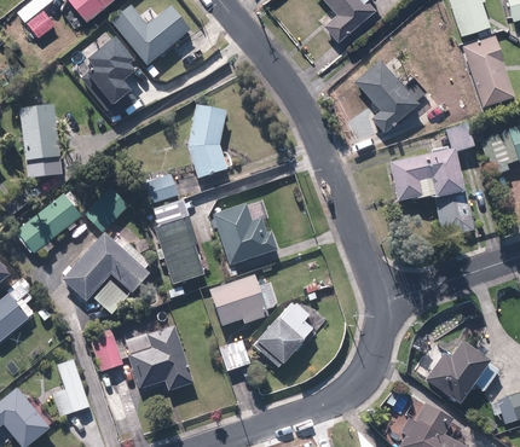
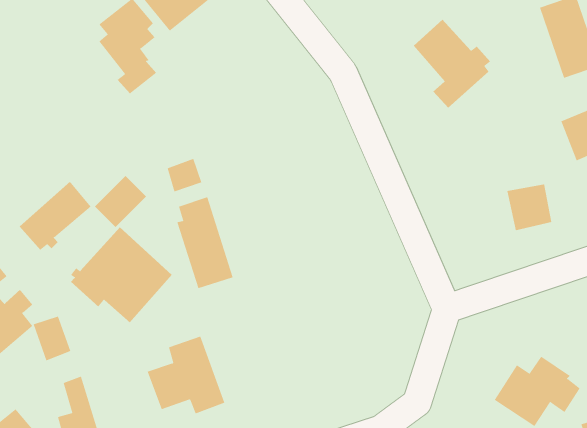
building: [187,104,229,179] -> none
building: [19,105,60,179] -> none
building: [391,123,475,202] -> none
building: [213,204,277,265] -> none
building: [209,275,268,325] -> none
building: [258,302,318,364] -> none
building: [89,333,122,372] -> [33,316,71,361]
building: [219,341,248,371] -> none

